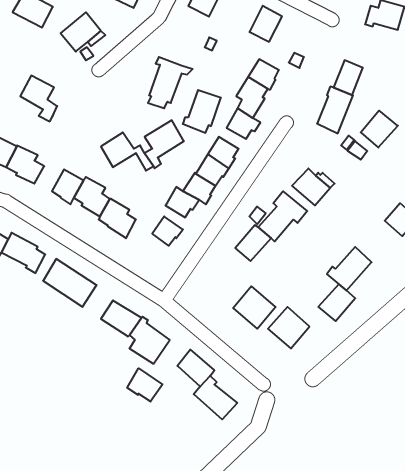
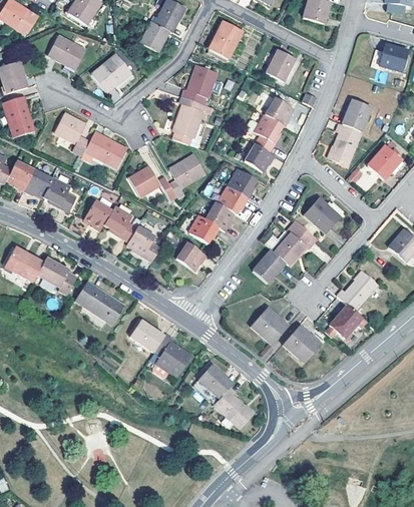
building: [183,90,221,133] -> [182,65,218,104]
building: none -> [85,131,127,167]
building: [127,368,162,402] -> none

